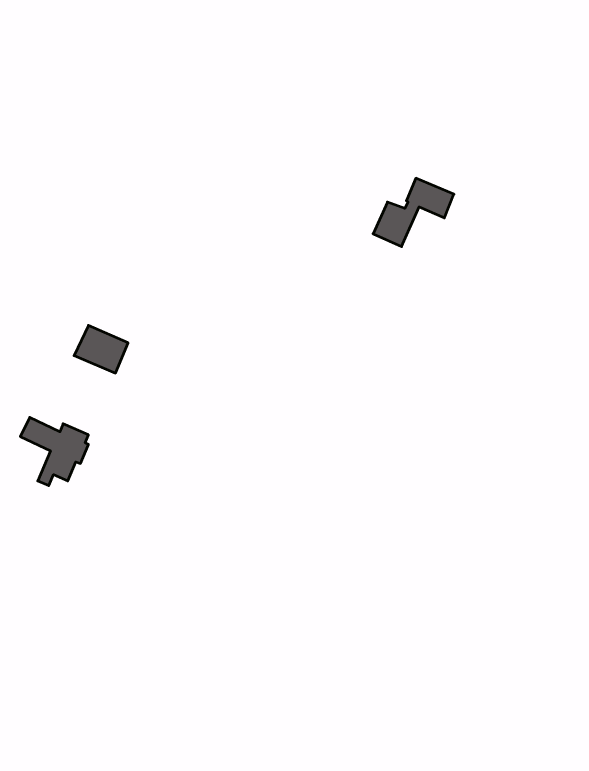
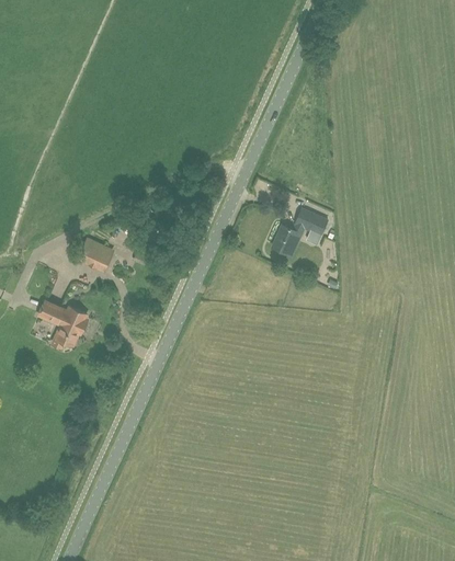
building: [373,178,454,247] -> [272,208,328,255]

